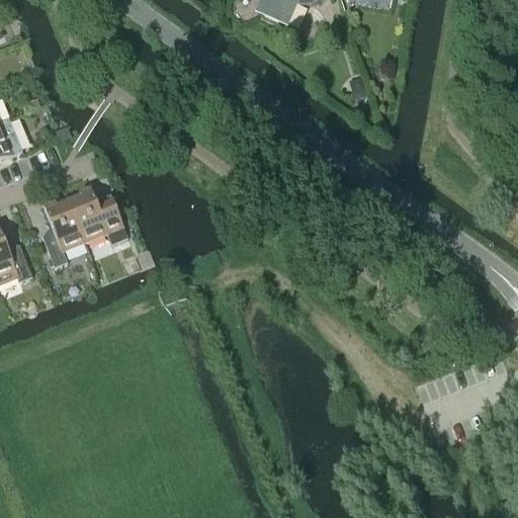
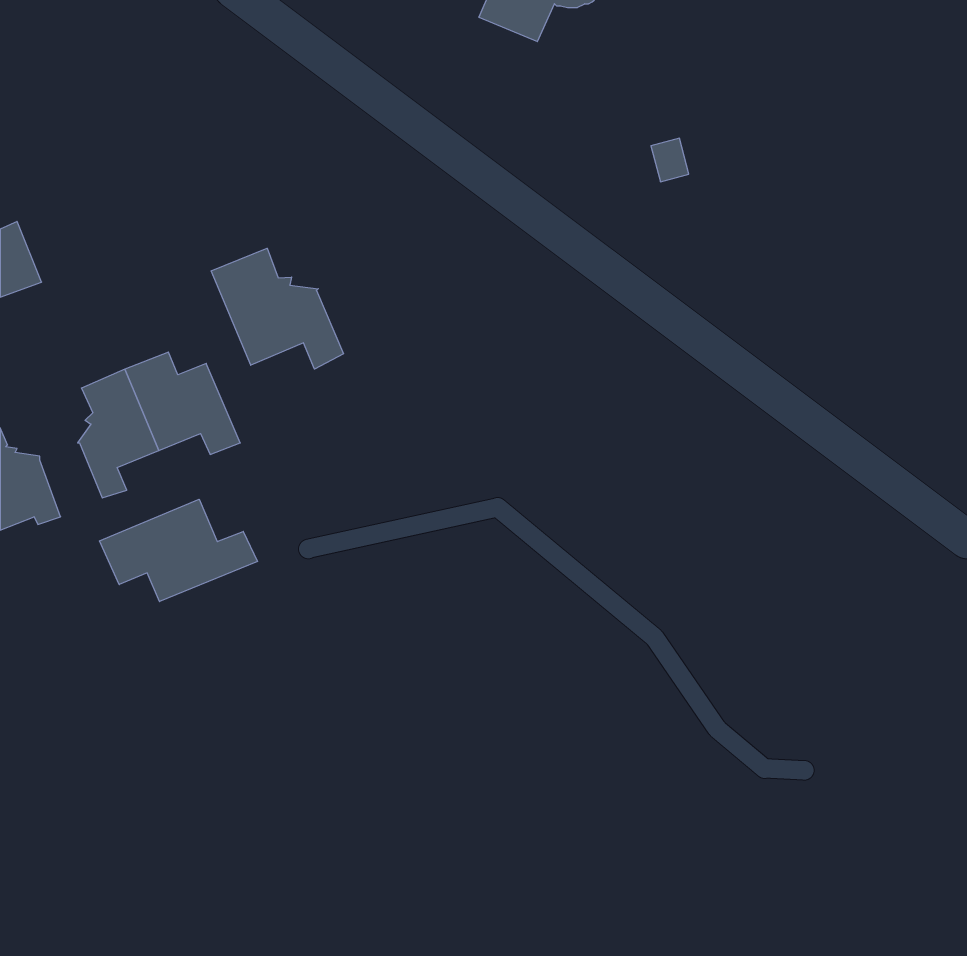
building: none -> [211,248,343,369]
building: none -> [100,499,257,602]

